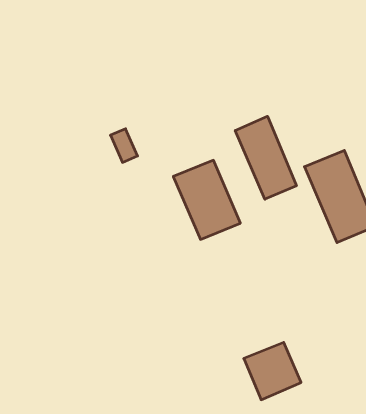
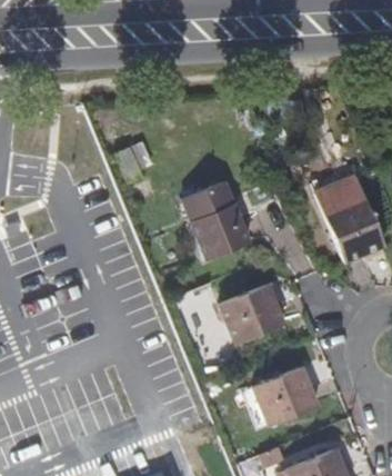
building: [235,116,296,199] -> none
building: none -> [221,286,279,344]

